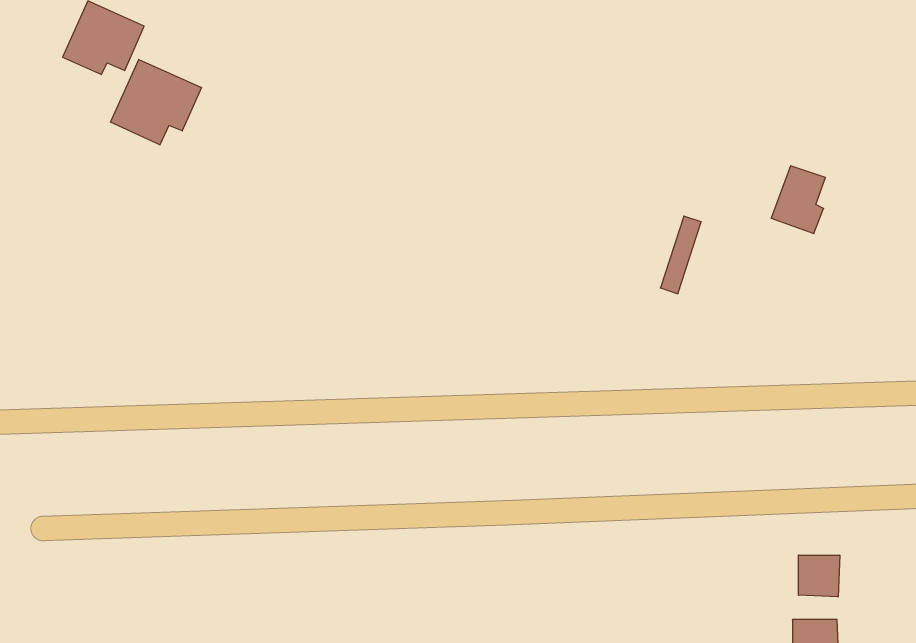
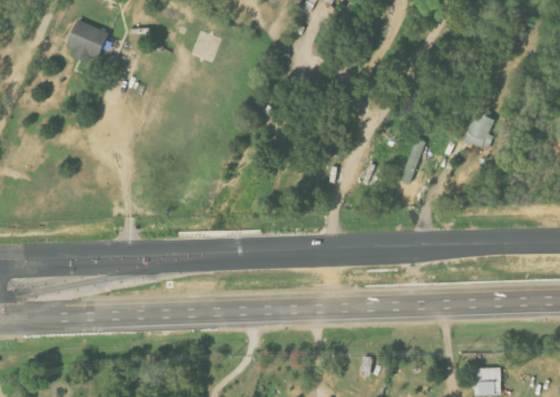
building: [111,59,202,145] -> none
building: [798,555,840,597] -> none

